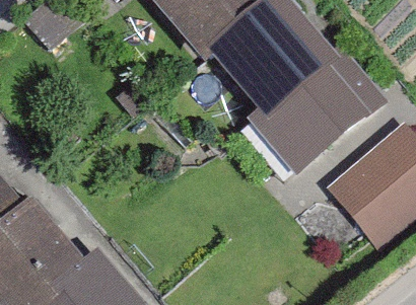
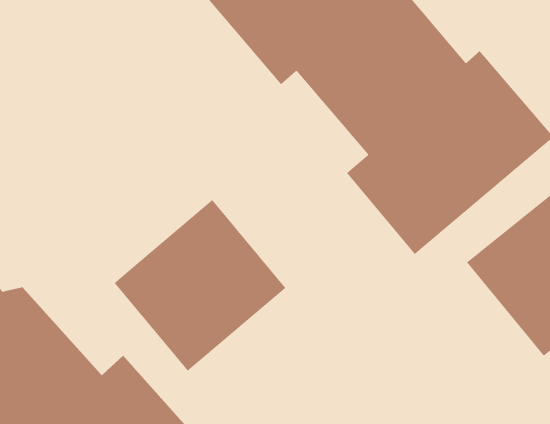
building: none -> [114,199,286,372]

